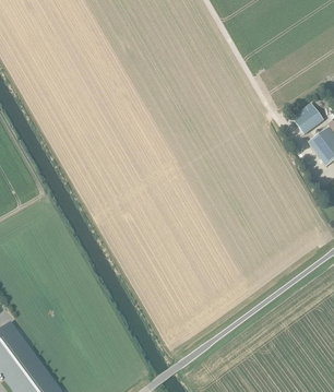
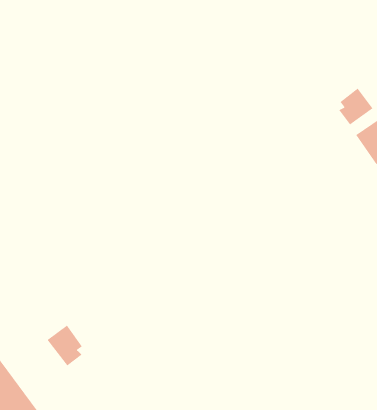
building: none -> [47,325,83,366]

